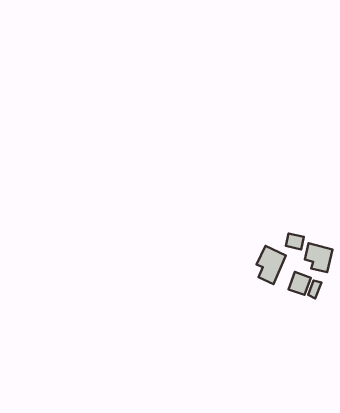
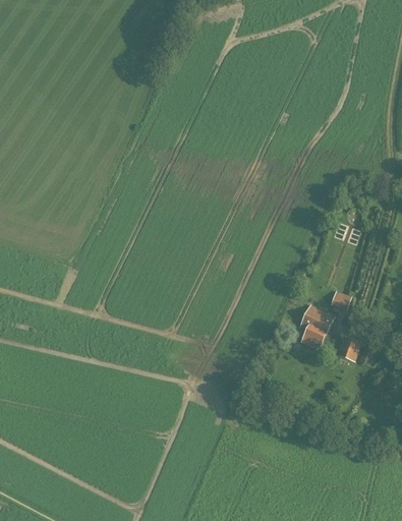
building: [305,243,332,272] -> none

